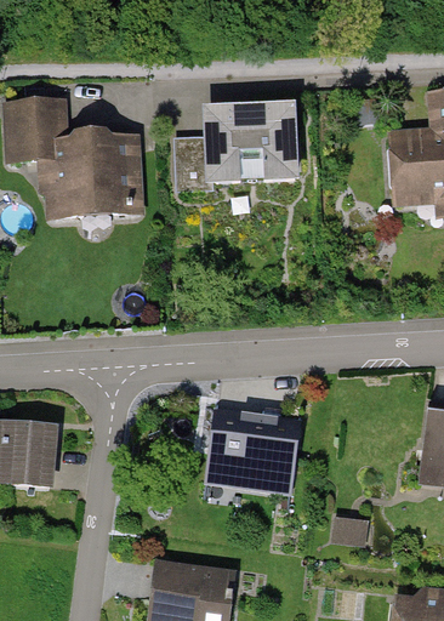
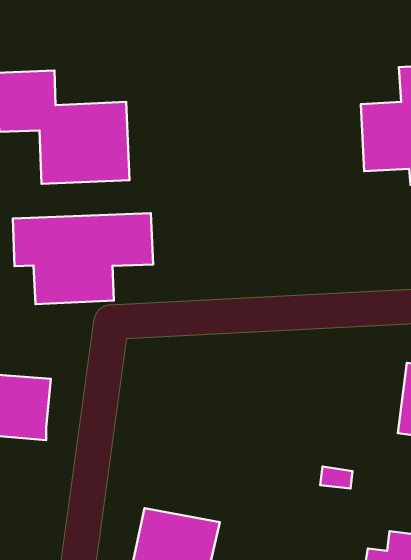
building: [172,103,290,186] -> none
building: none -> [13,213,153,304]
building: [210,408,304,492] -> none

